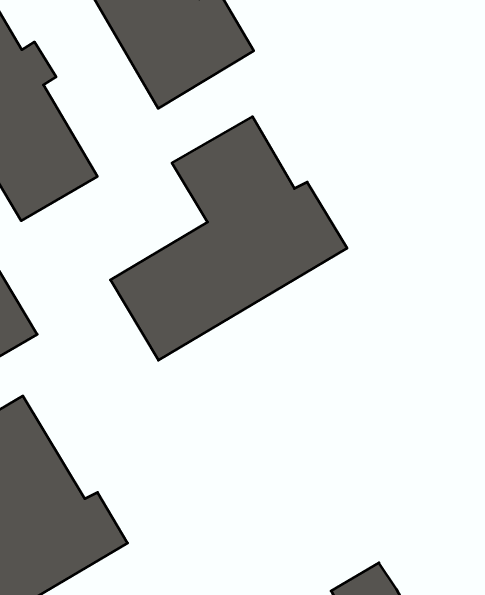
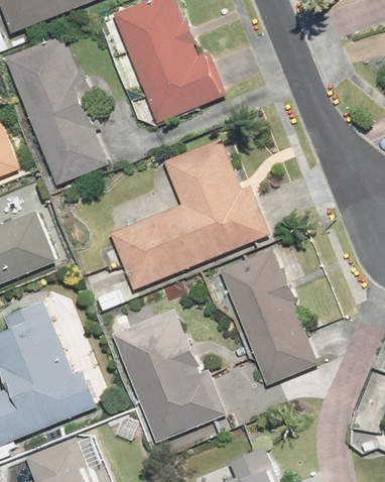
building: none -> [220,249,319,387]
building: none -> [112,309,226,444]

